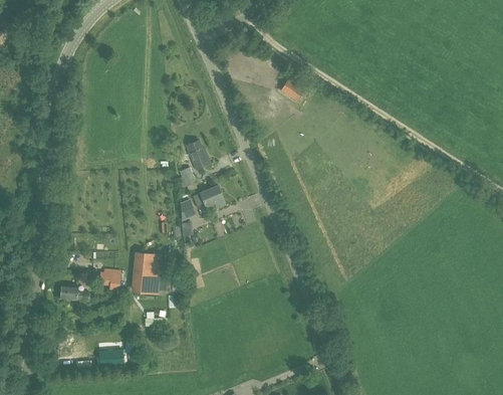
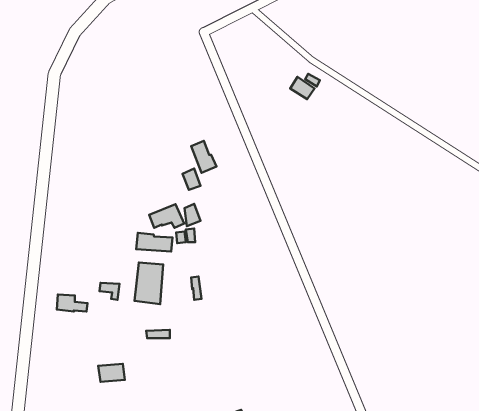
building: [192,185,225,207] -> [149,204,184,228]
building: none -> [136,233,172,252]

